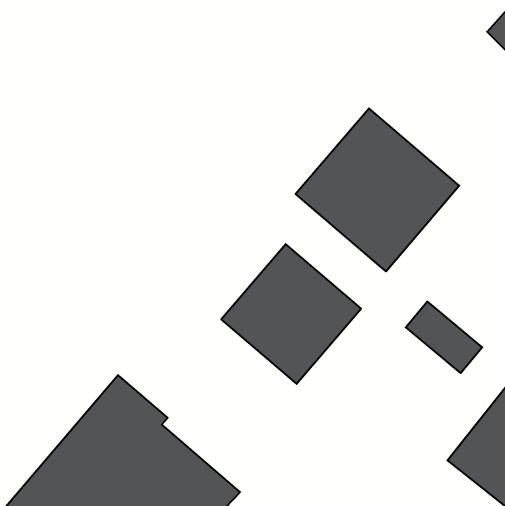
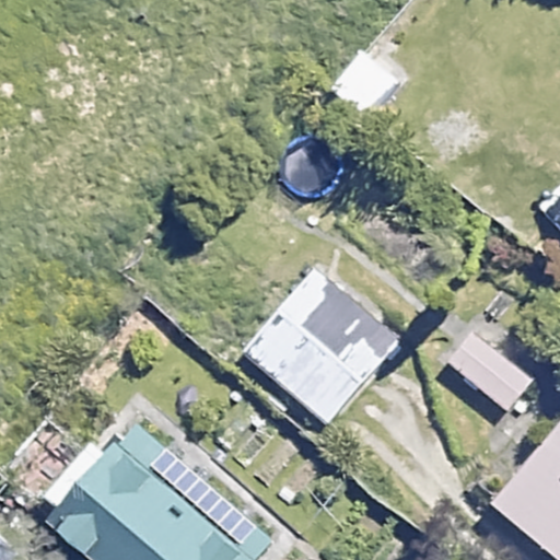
building: [296,108,459,271] -> none

